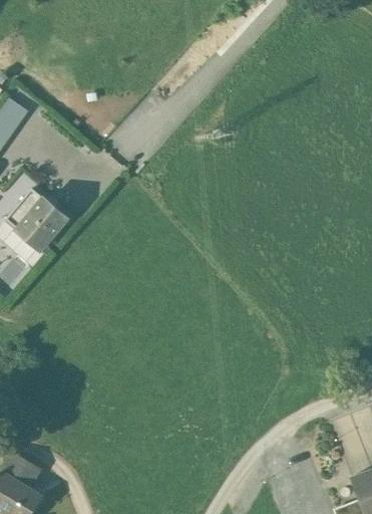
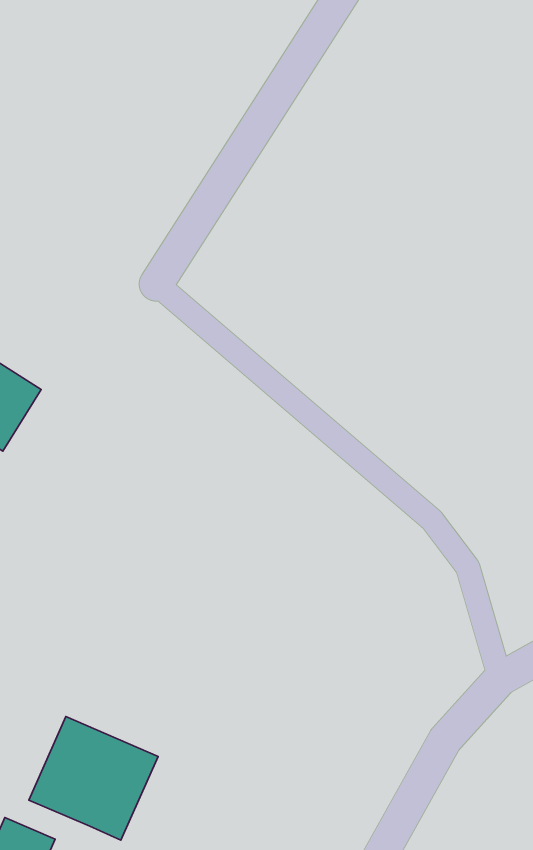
building: none -> [29,717,158,840]

